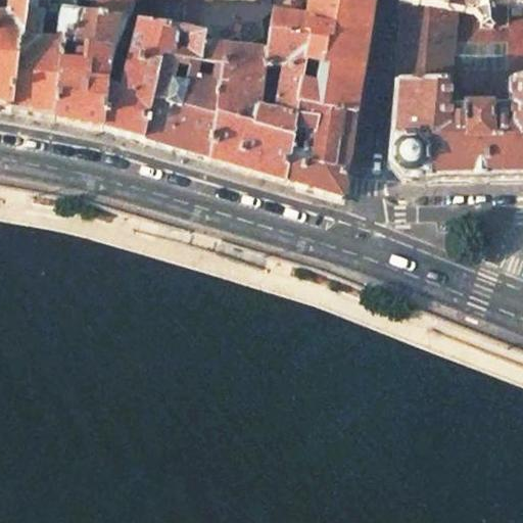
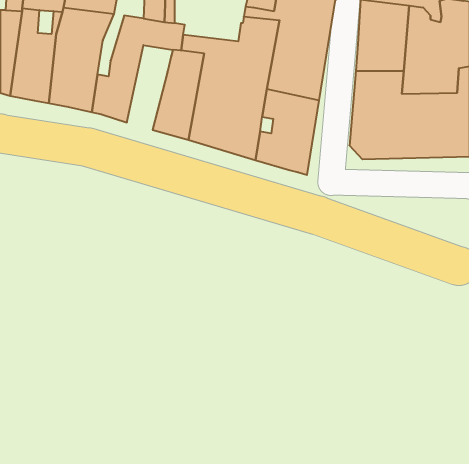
building: [142,50,193,144] -> none

